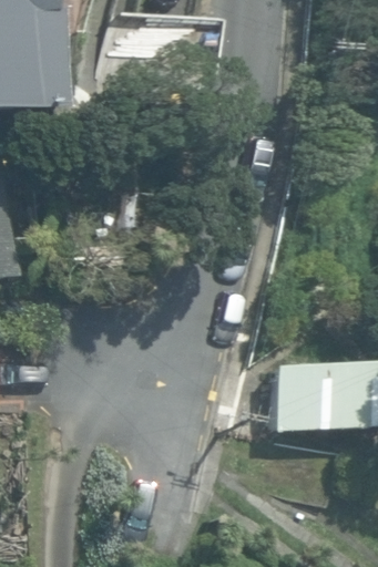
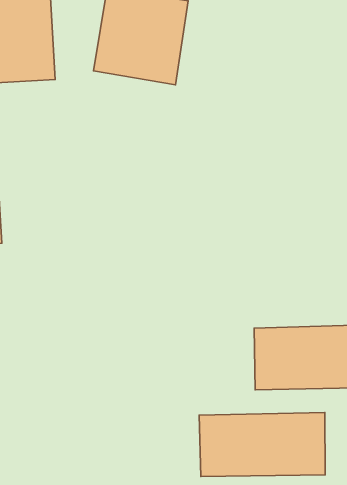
building: none -> [199,412,325,476]

